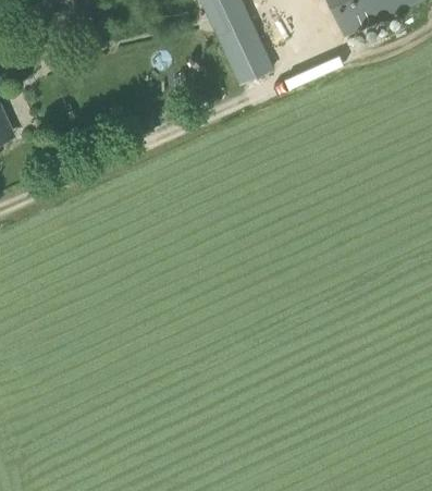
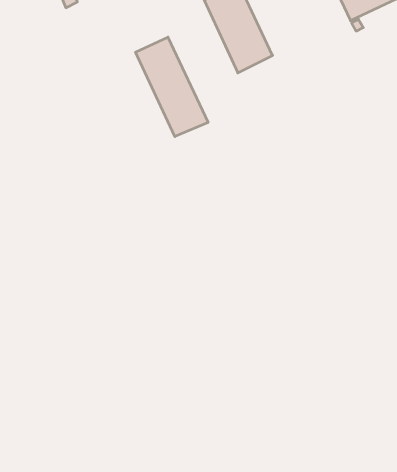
building: none -> [136,37,208,137]

